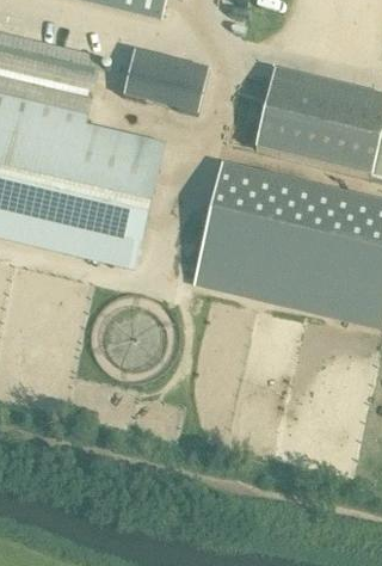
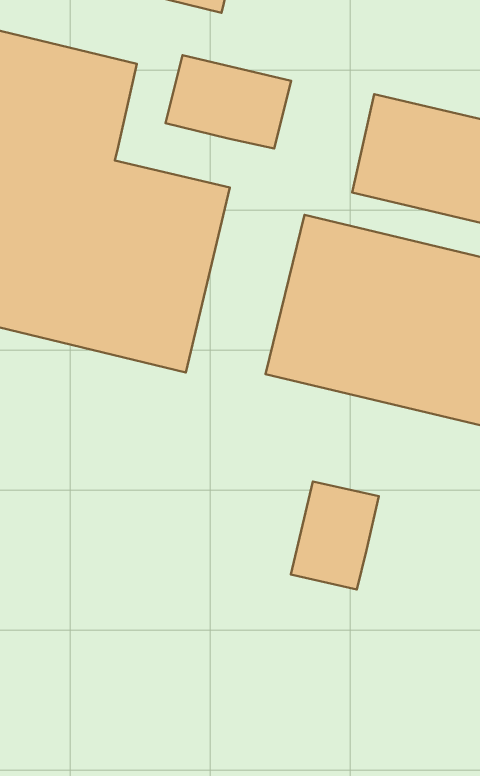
building: none -> [291,481,379,589]

